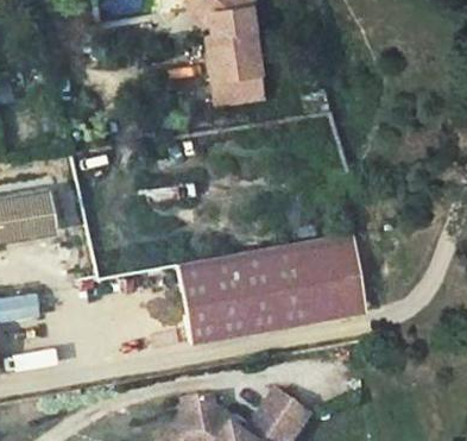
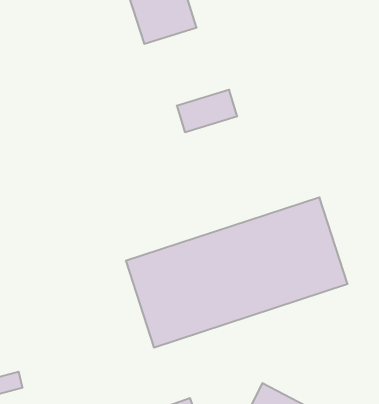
building: [215,74,266,105] -> [177,90,237,132]

